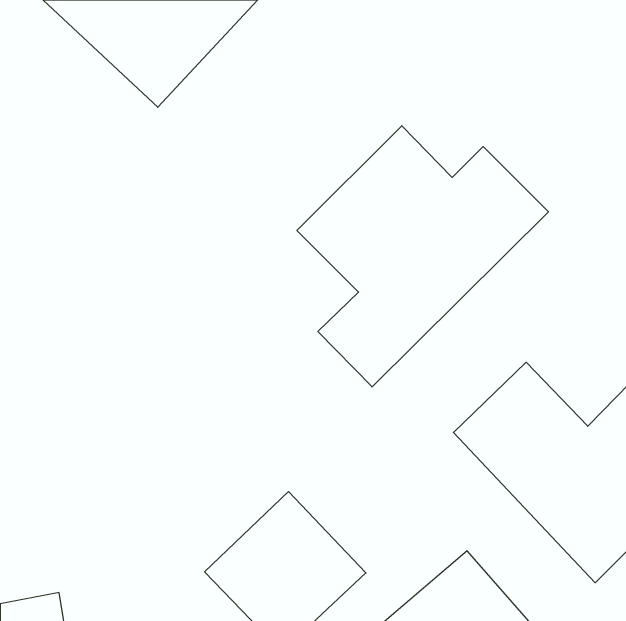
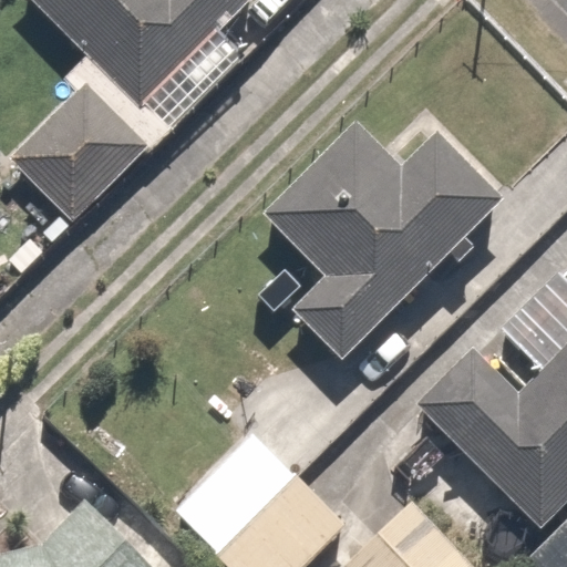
building: none -> [16,86,152,223]

